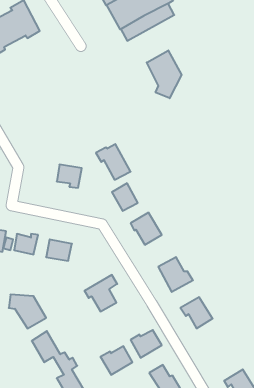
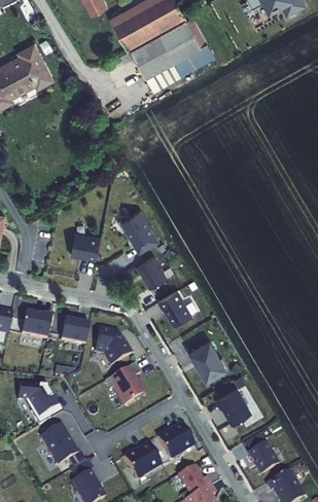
building: [147,50,182,98] -> none
building: none -> [94,329,131,366]
building: none -> [246,442,277,475]

